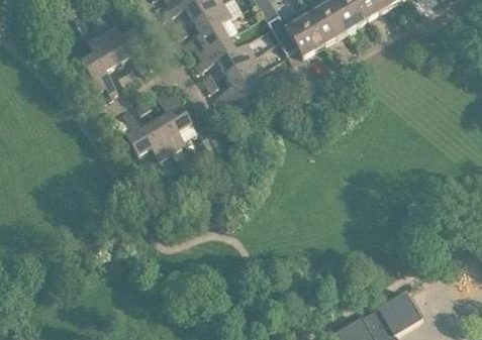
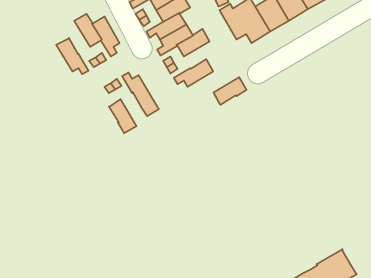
building: [88,33,119,71] -> none
building: [225,56,263,88] -> [213,77,246,105]
building: [120,111,152,156] -> none
building: [154,114,185,152] -> none

